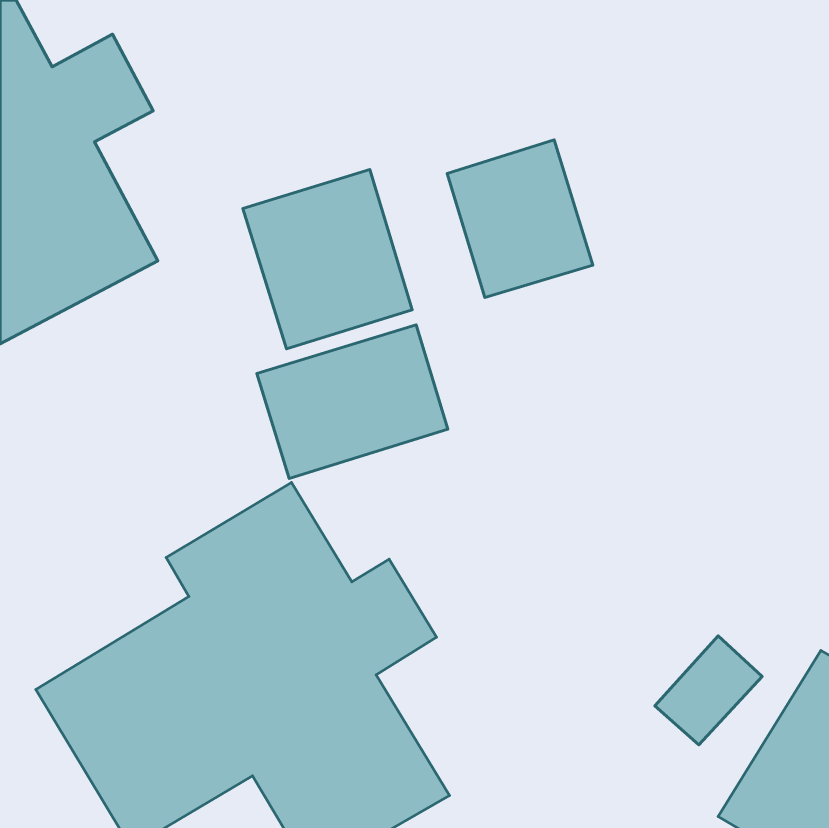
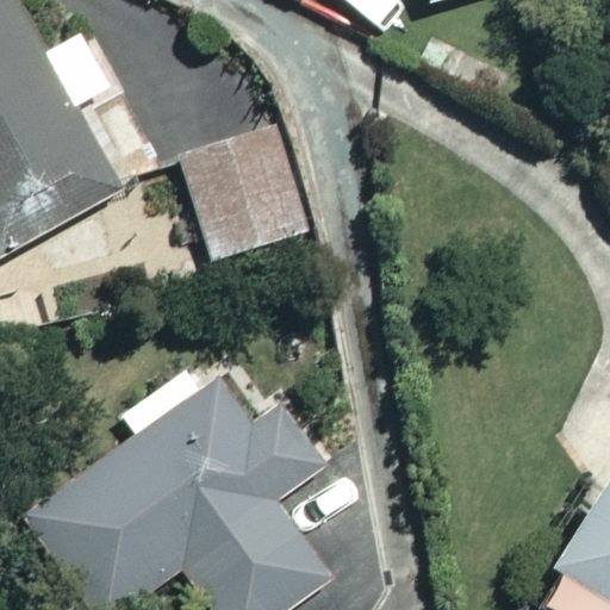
building: [447,140,593,297] -> none
building: [257,325,448,479] -> none

